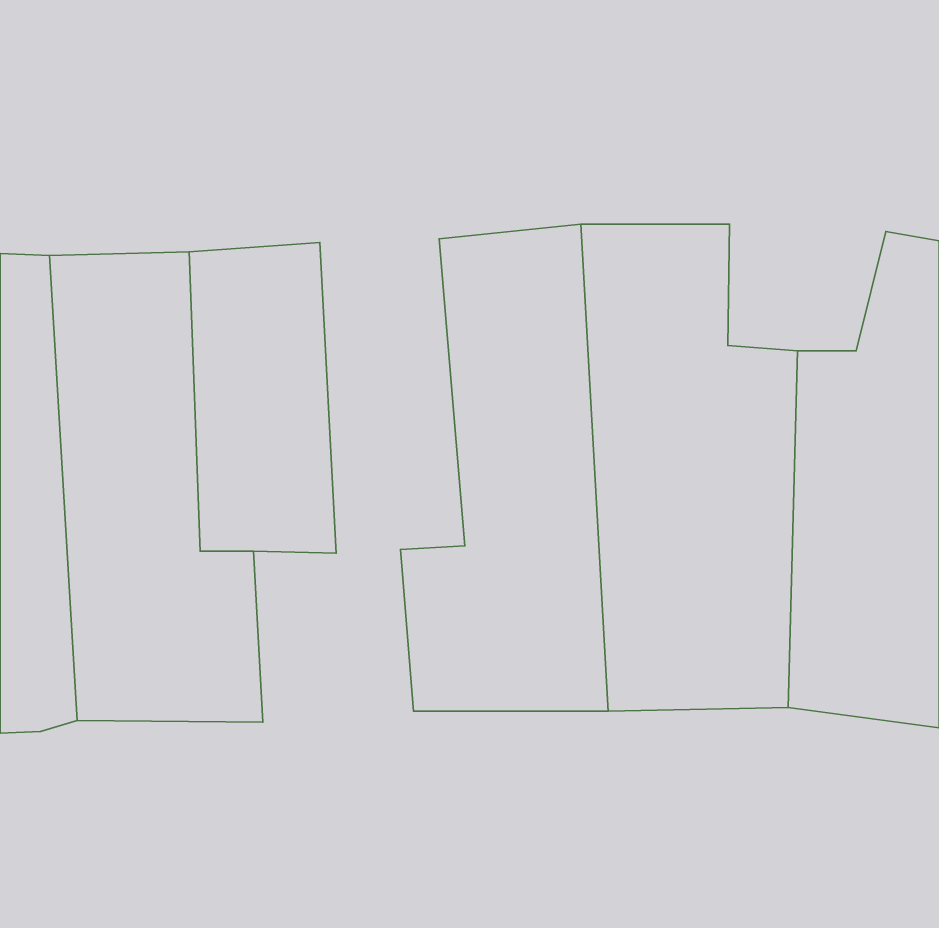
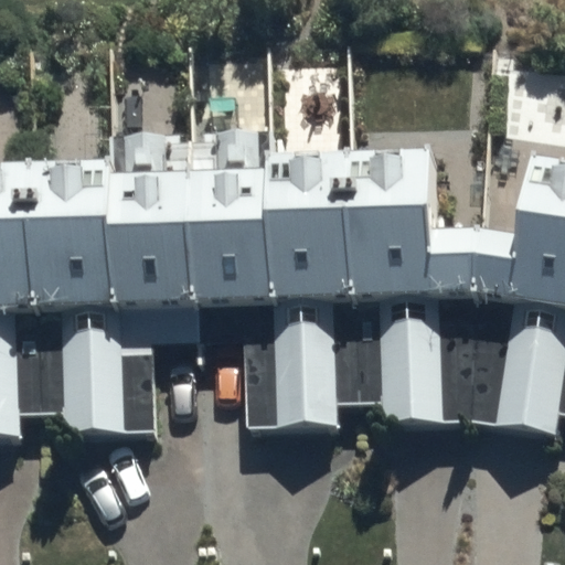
building: none -> [192,143,279,332]

